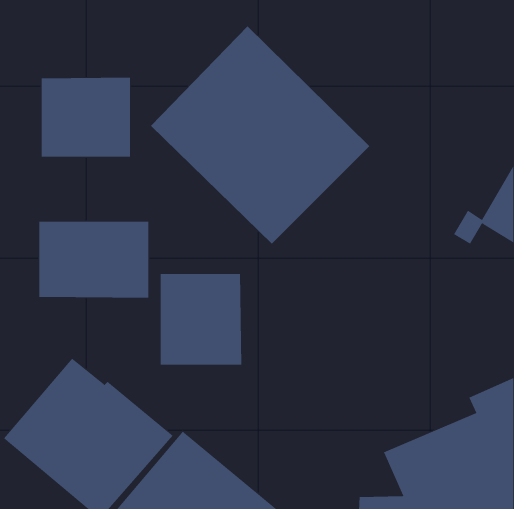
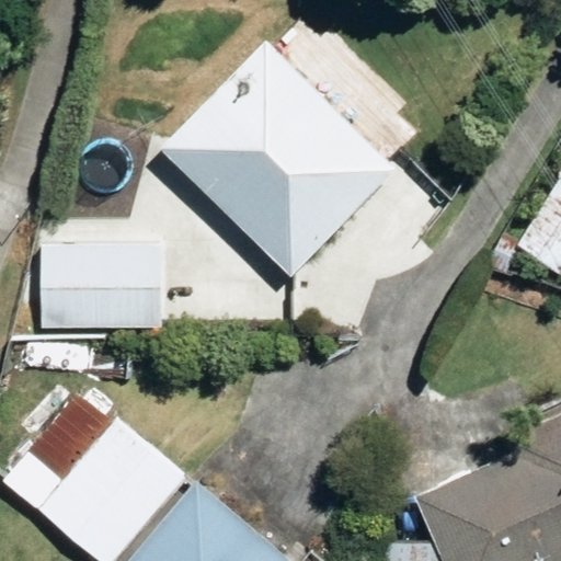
building: [41,77,130,157] -> none
building: [160,273,242,366] -> none

